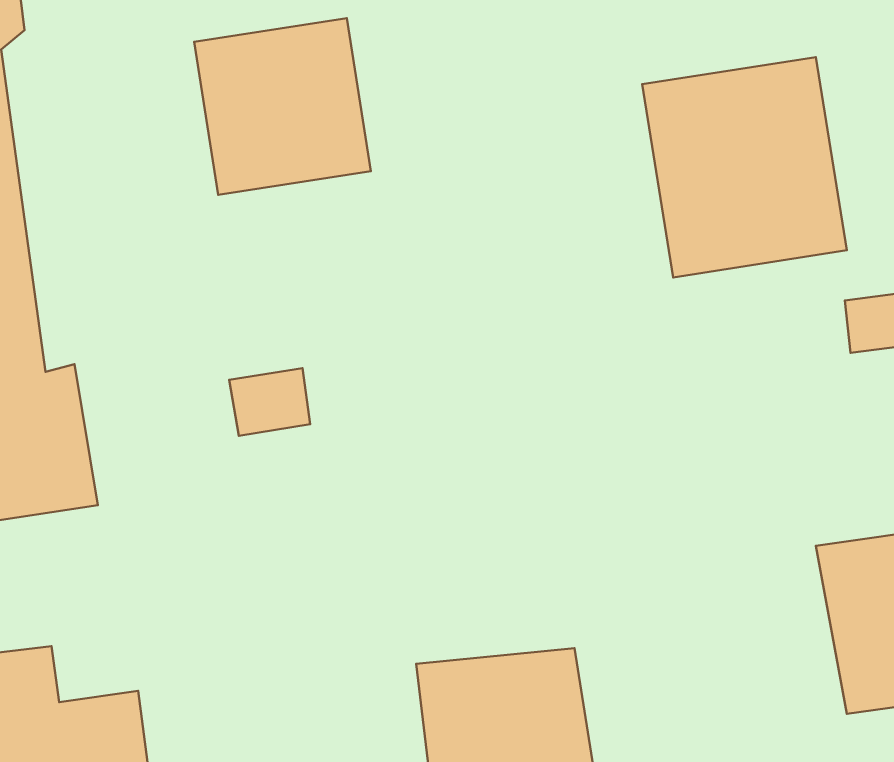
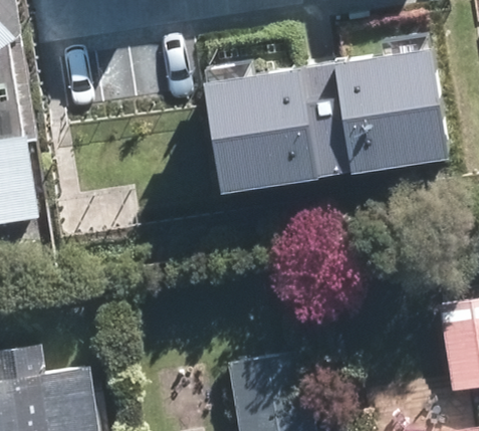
building: [194,18,371,195] -> none
building: none -> [205,65,334,193]

